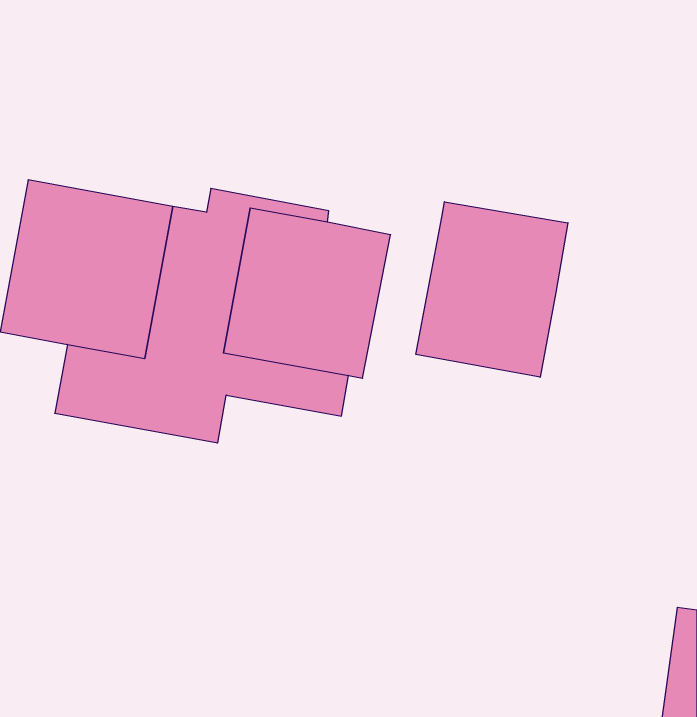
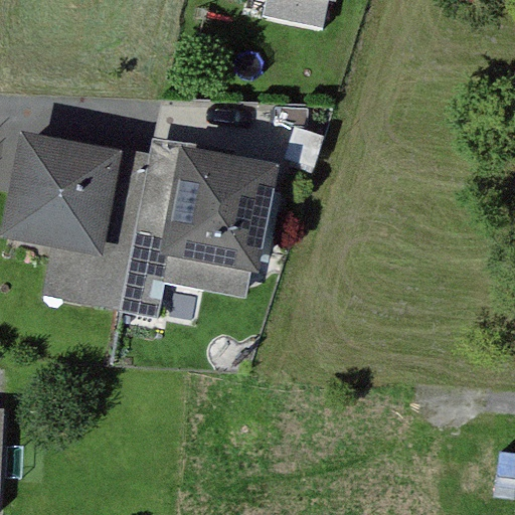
building: [416,202,568,377] -> none

